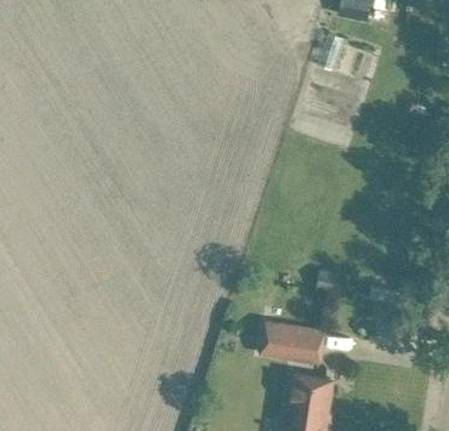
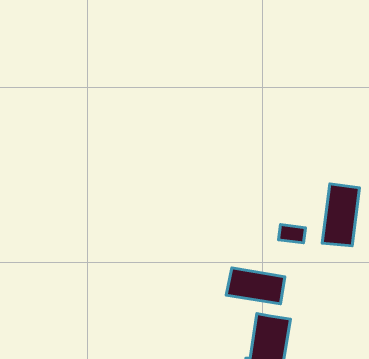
building: none -> [322,184,359,246]

